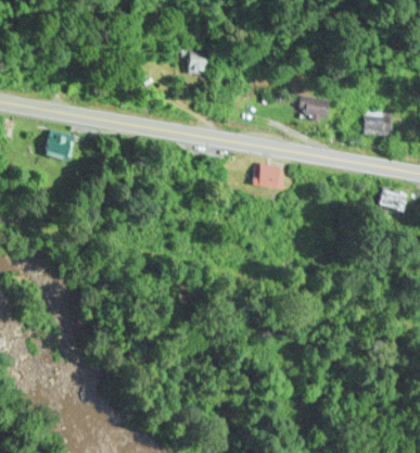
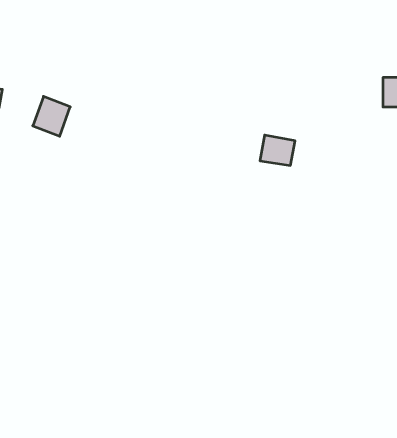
building: [186,48,205,75] -> none
building: [302,96,331,119] -> none

